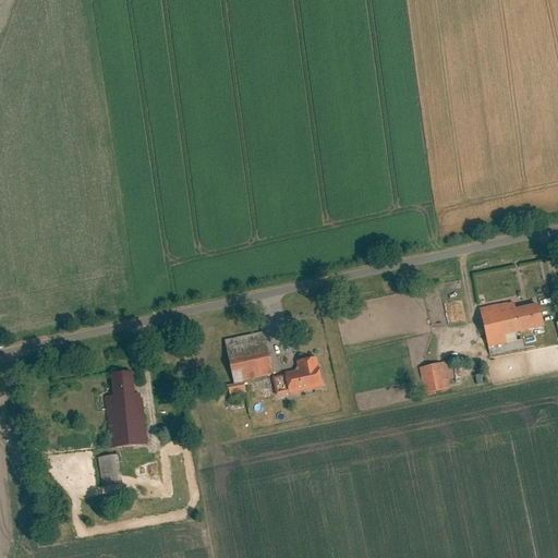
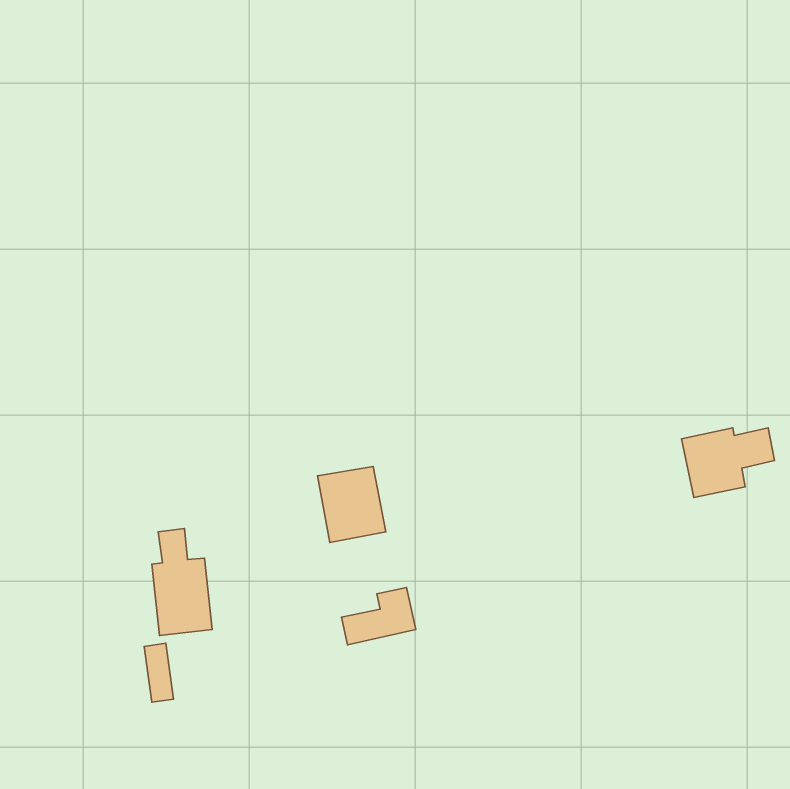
building: [274,356,326,397] -> [341,588,416,645]
building: [417,356,452,389] -> none

